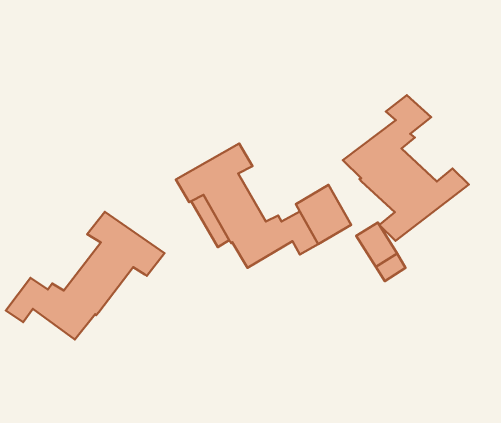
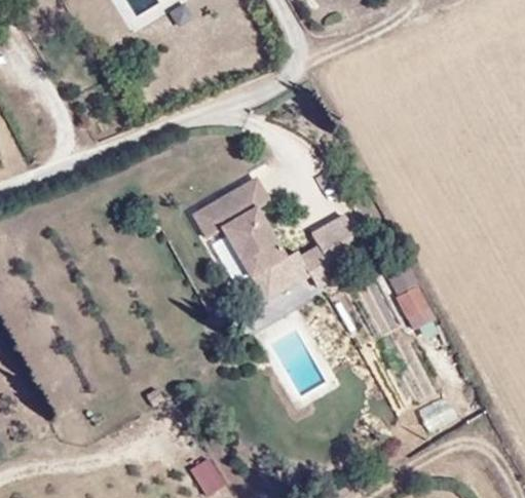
building: [343,95,469,241] -> none
building: [6,212,164,340] -> none

